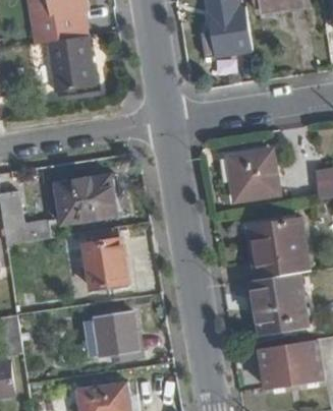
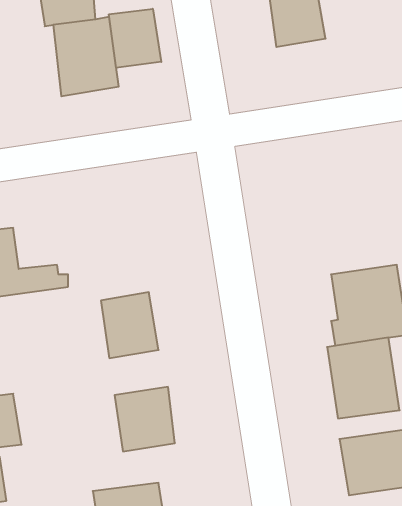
building: none -> [109,9,161,68]
building: [227,152,277,202] -> none
building: [52,171,113,219] -> none

